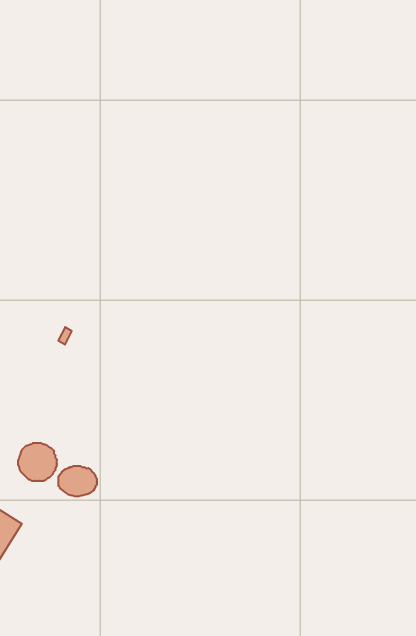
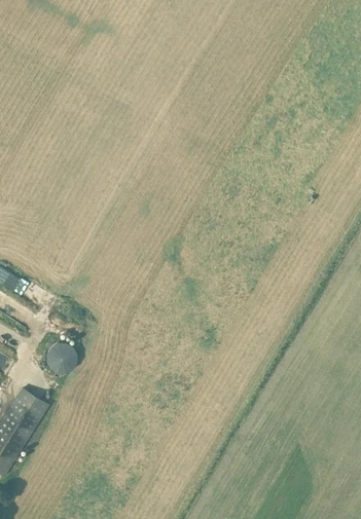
building: [58,466,97,496] -> none

